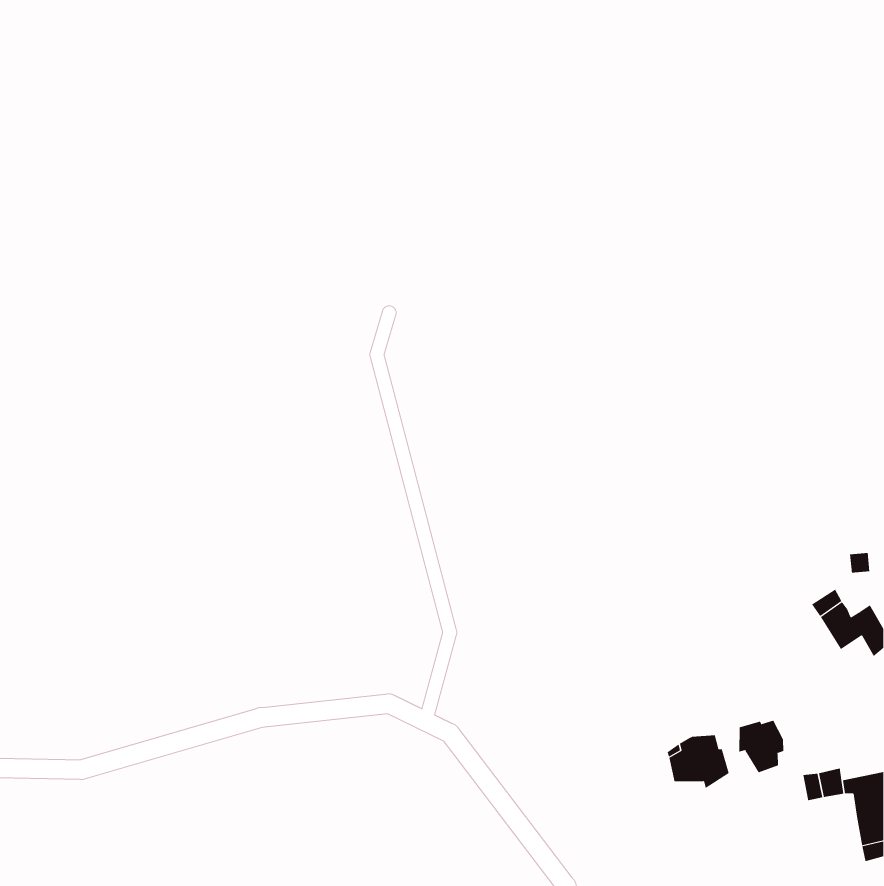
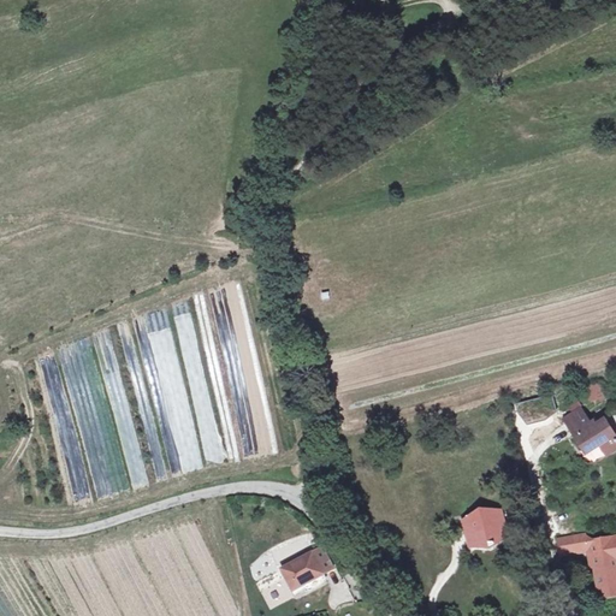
building: [739,720,784,773] -> none
building: none -> [280,546,332,590]

